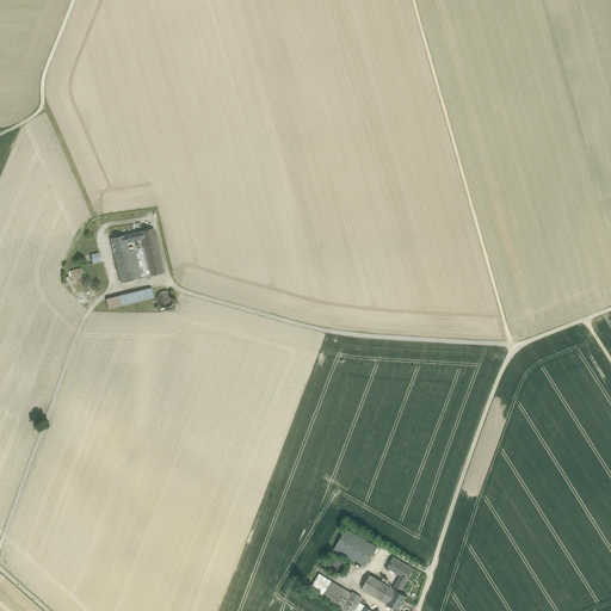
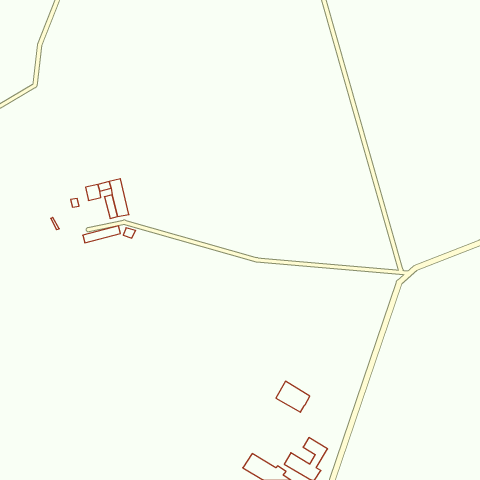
building: [112,249,140,282] -> none
building: [333,527,376,567] -> [276,381,310,412]

